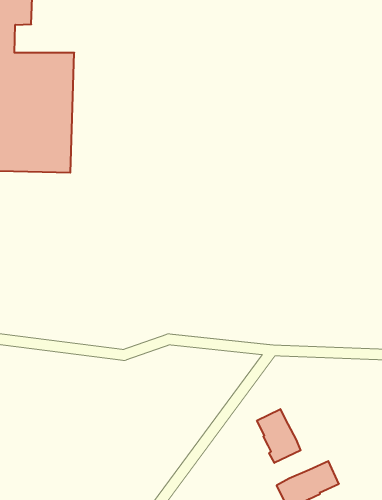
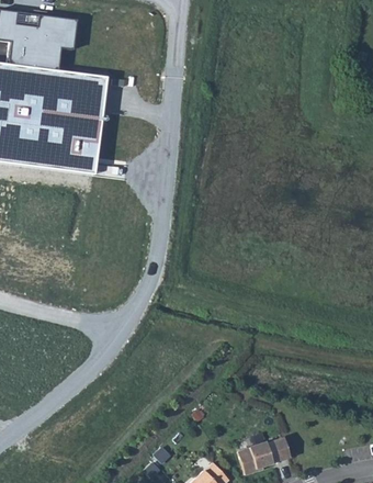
building: [257,409,301,463] -> none

